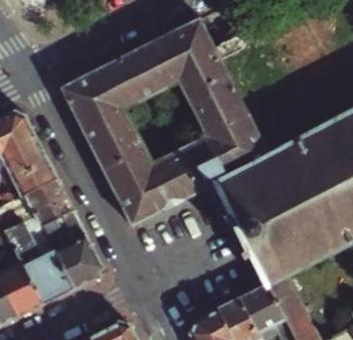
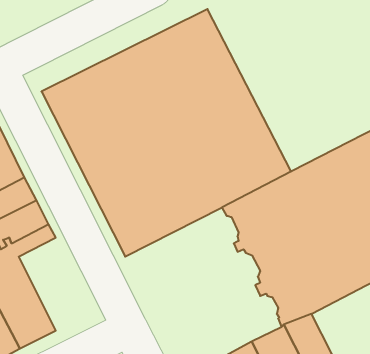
building: [41,210,101,289] -> none

